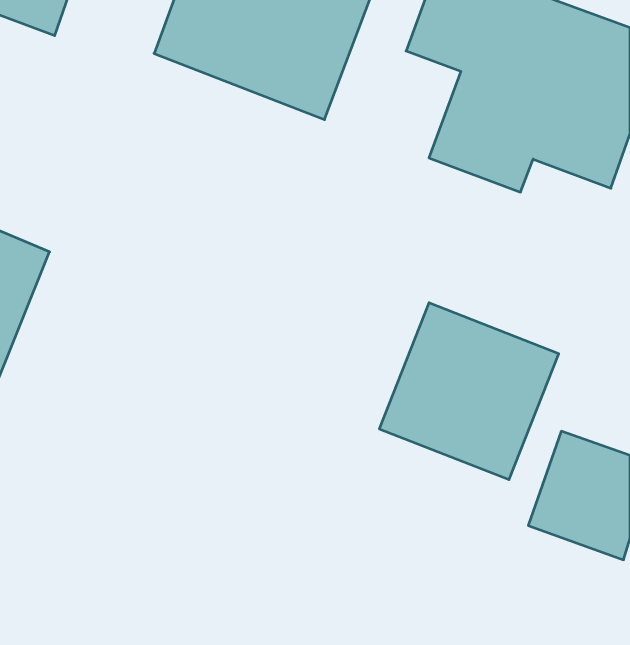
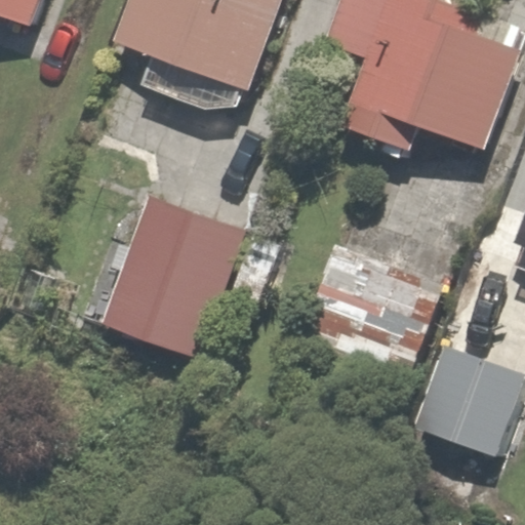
building: none -> [110,198,291,373]

